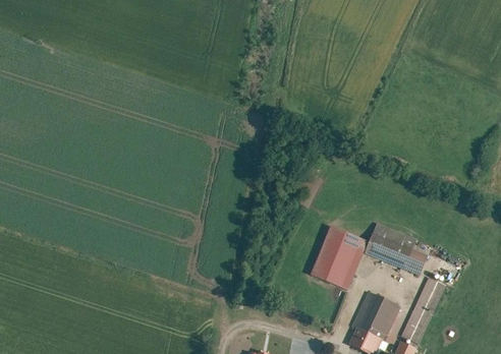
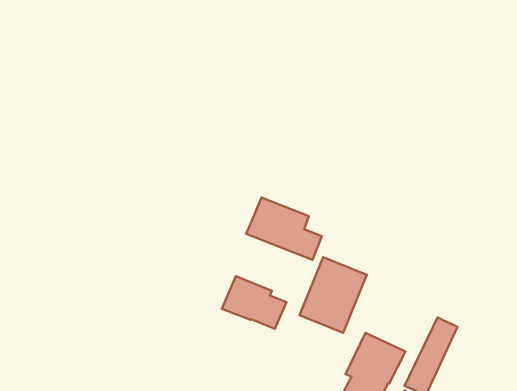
building: [364,220,429,274] -> [246,197,322,260]
building: none -> [222,276,286,329]

